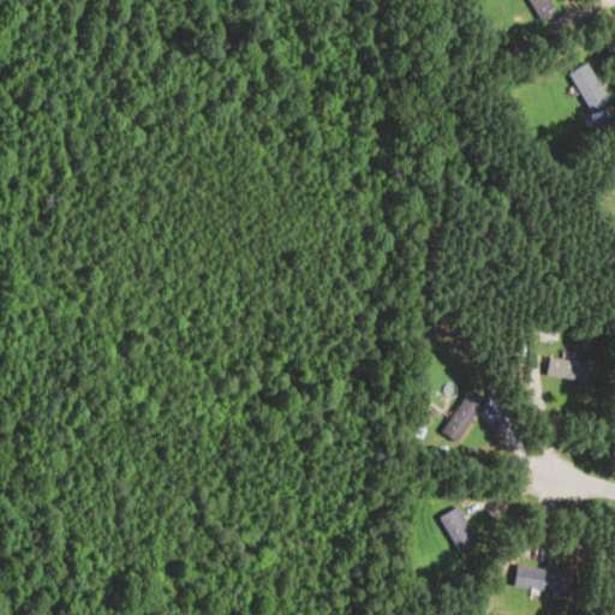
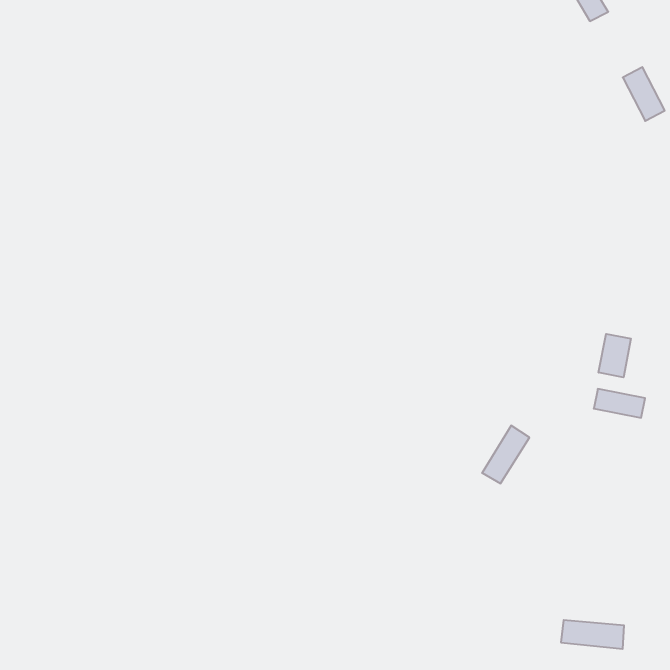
building: none -> [599,334,631,377]
building: [440,507,477,553] -> none

